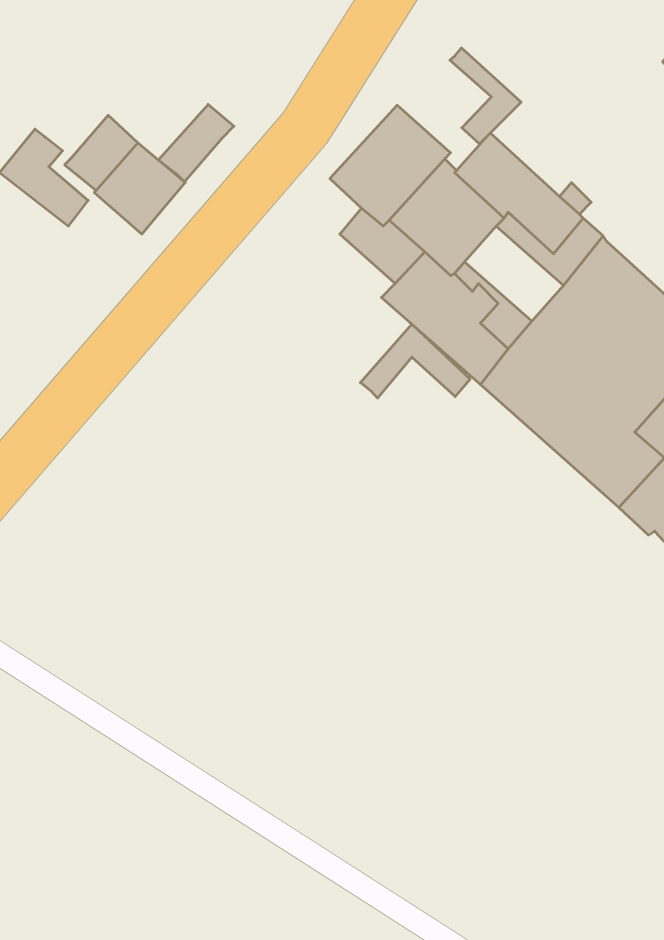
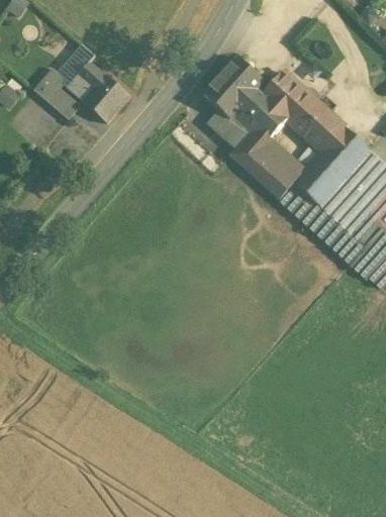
building: [450,48,521,144] -> none
building: [159,104,234,182] -> [56,43,94,83]
building: [360,324,470,398] -> none

